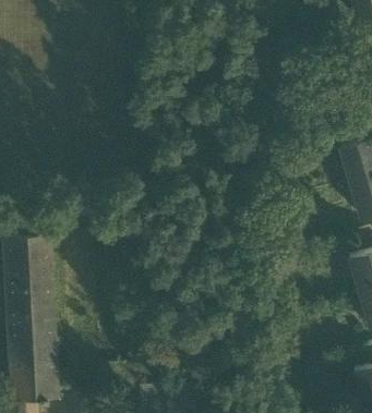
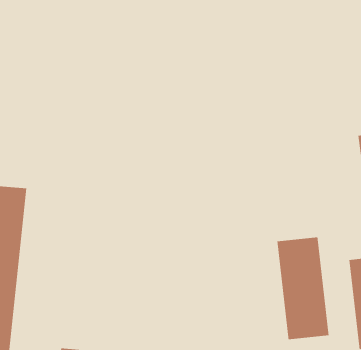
building: none -> [277,236,329,340]

